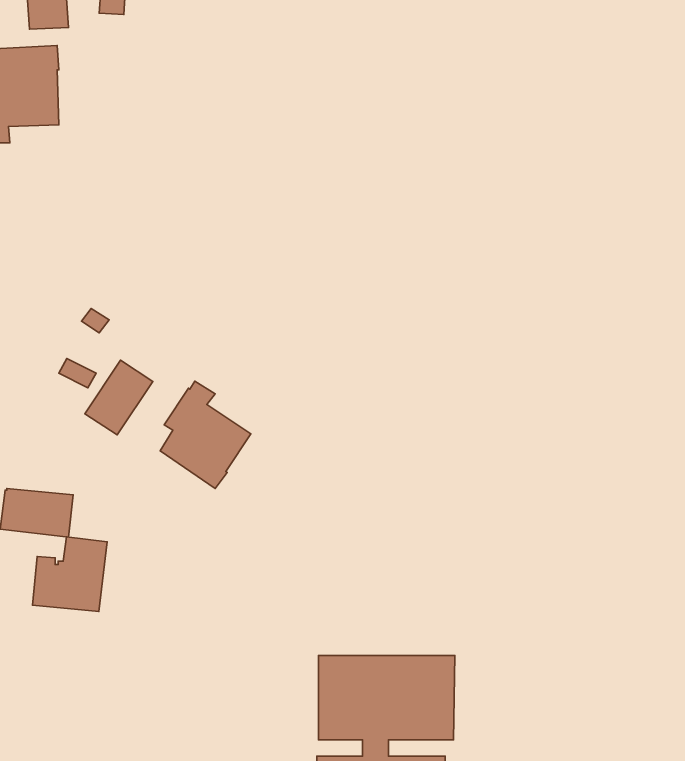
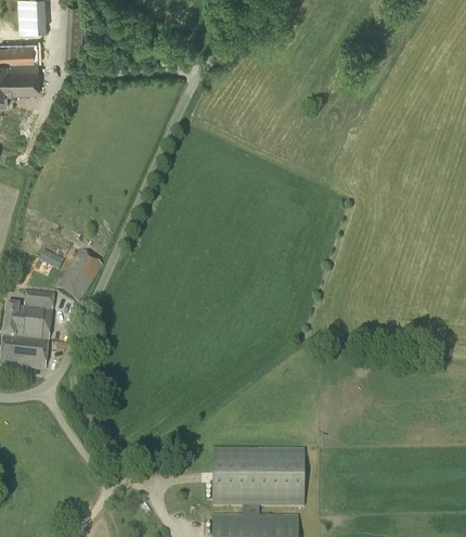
building: [160,381,251,489] -> none
building: [32,537,107,612] -> [5,291,55,341]

